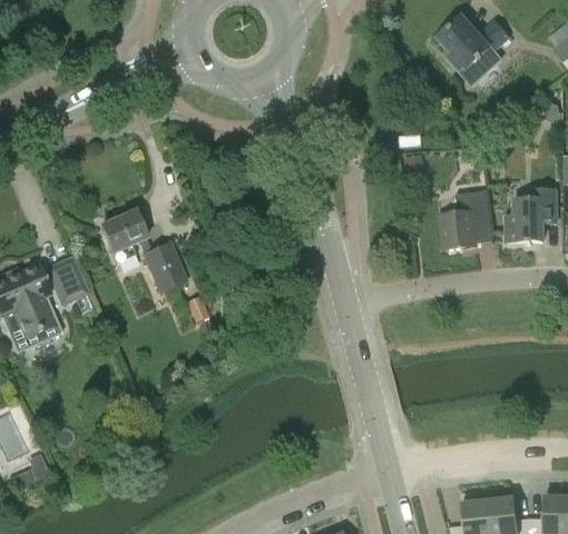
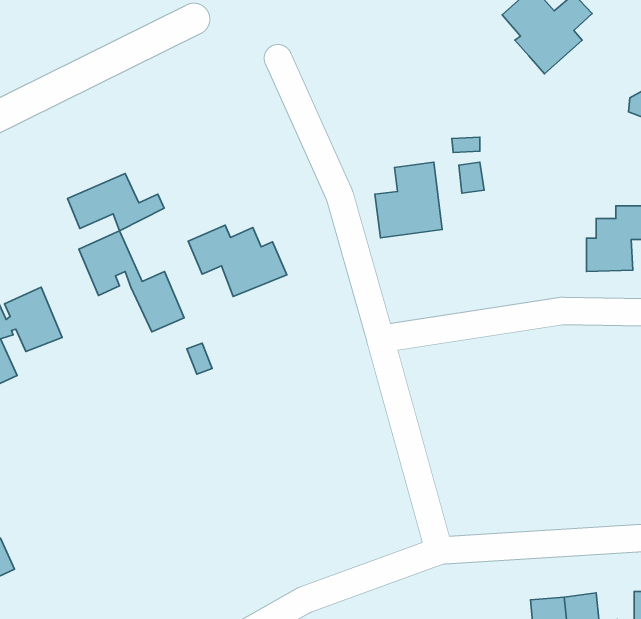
building: none -> [68,173,164,231]
building: [439,189,492,249] -> [375,162,442,238]
building: none -> [188,225,287,297]

